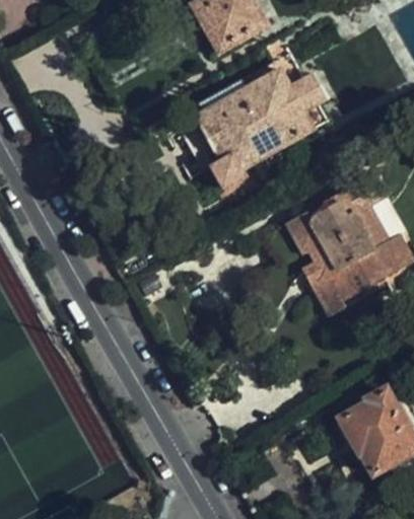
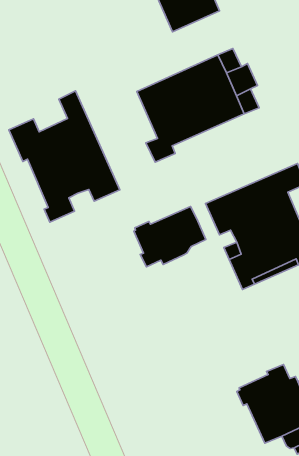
building: none -> [9,91,120,222]
building: none -> [134,207,206,267]

